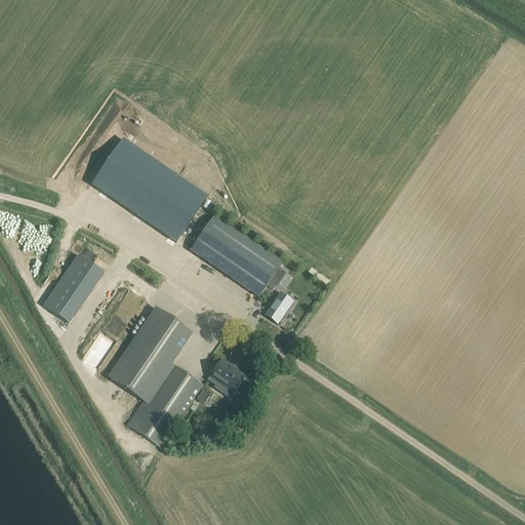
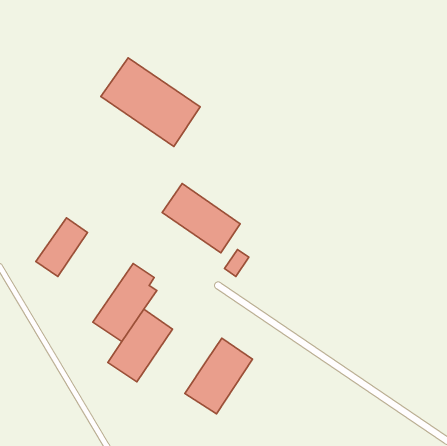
building: [90,137,206,241] -> [101,58,200,146]
building: [208,357,243,397] -> none
building: none -> [185,338,253,414]

